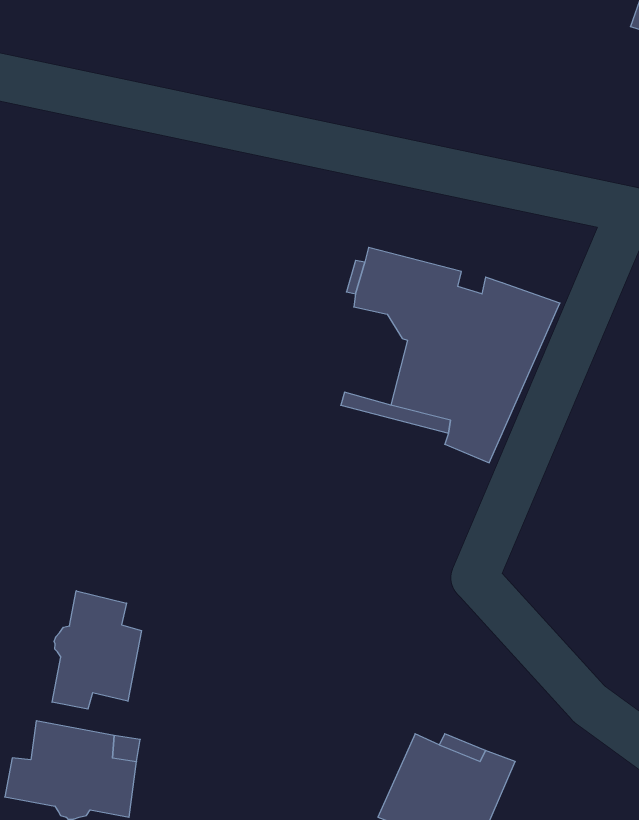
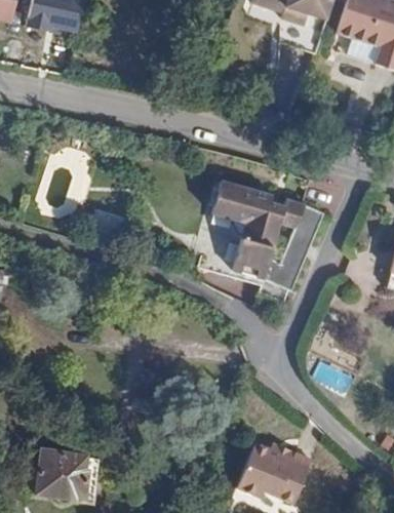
building: [52,591,141,709] -> none

